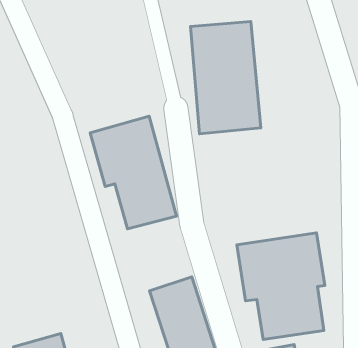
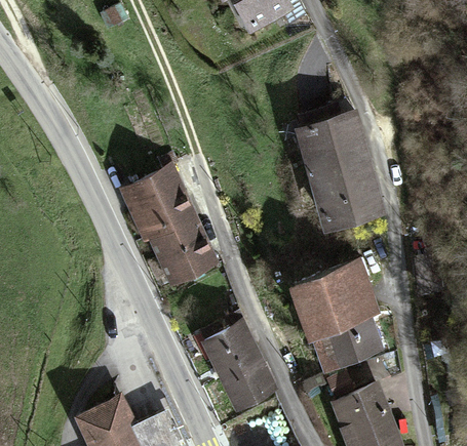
building: [190,22,261,134] -> [295,113,381,233]

